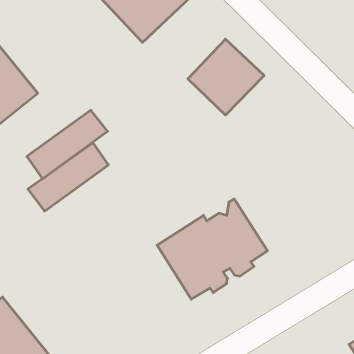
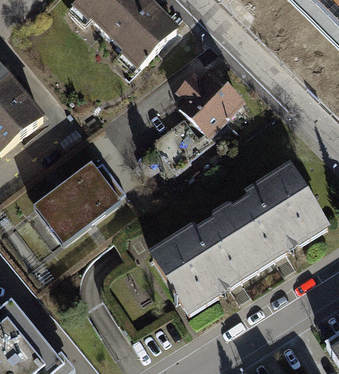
building: [27,110,108,179] -> [48,181,121,243]
building: none -> [220,166,320,259]

